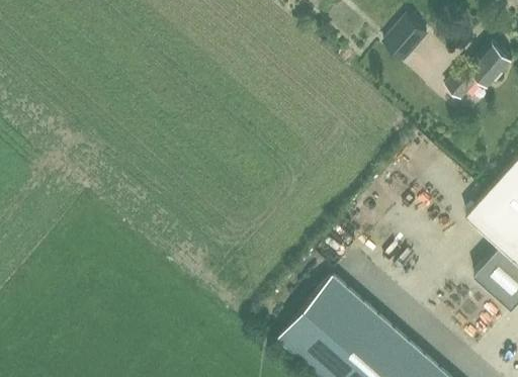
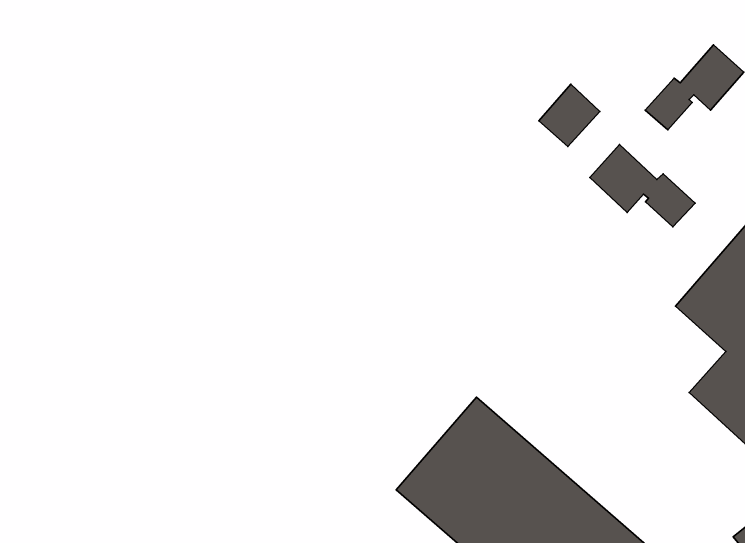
building: [385,17,426,59] -> [539,84,600,146]
building: none -> [590,145,695,227]

